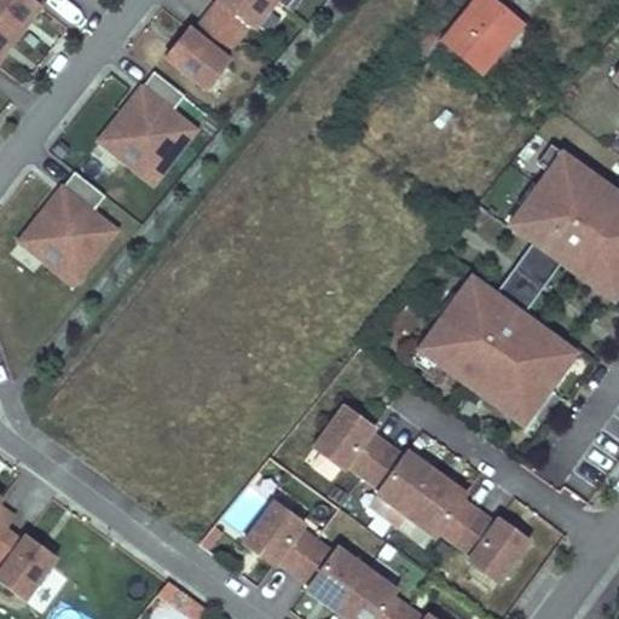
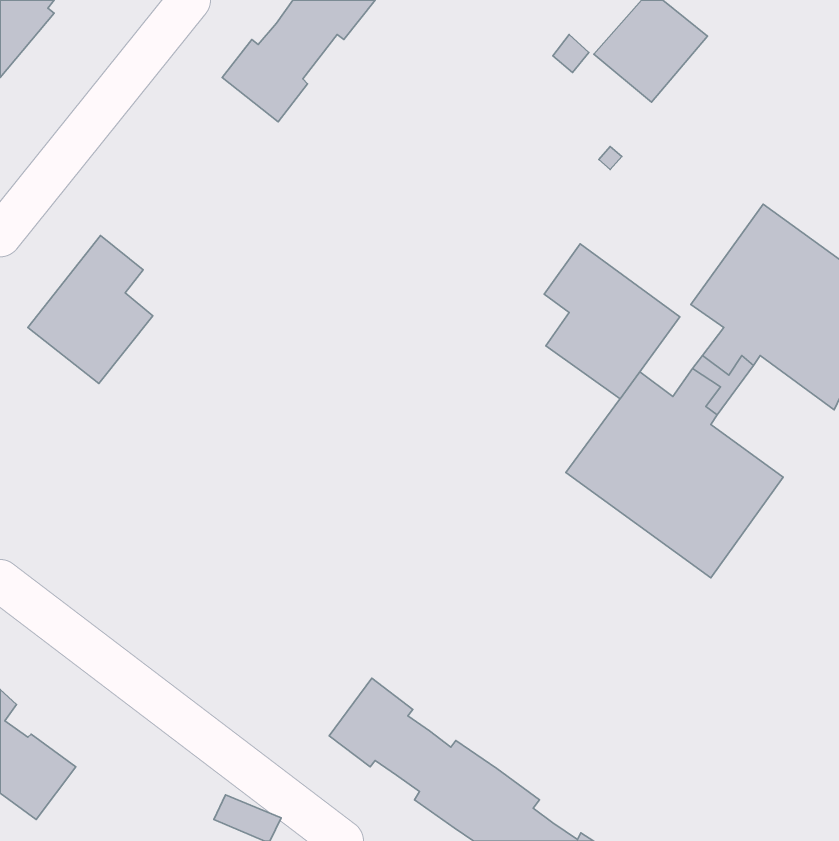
building: [100,73,192,183] -> none
building: none -> [544,244,680,399]
building: [312,403,528,580] -> none

